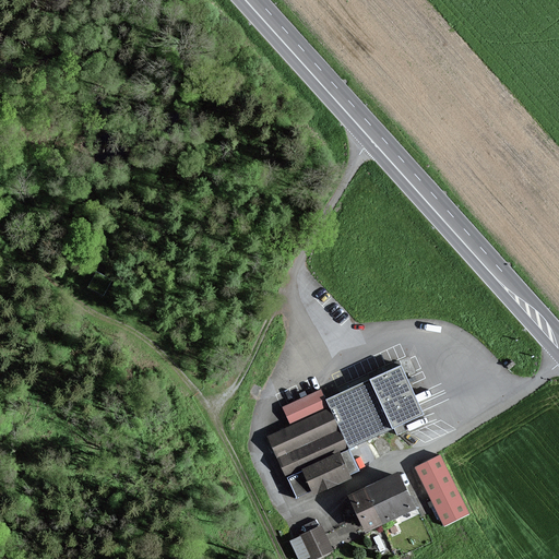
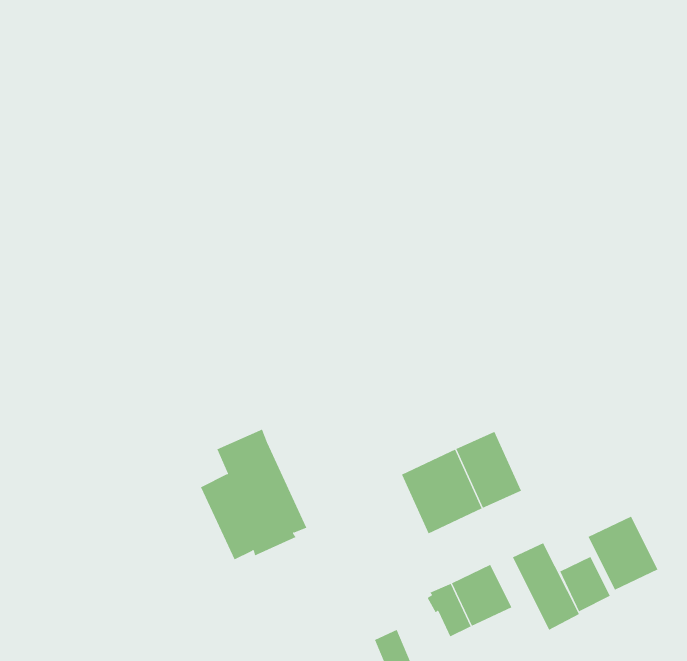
building: [270,390,356,496] -> [200,429,307,560]
building: none -> [588,516,658,591]
building: none -> [560,556,611,612]

